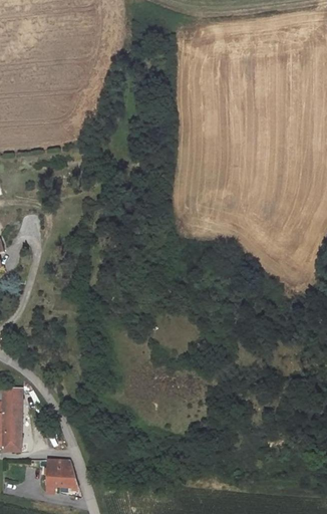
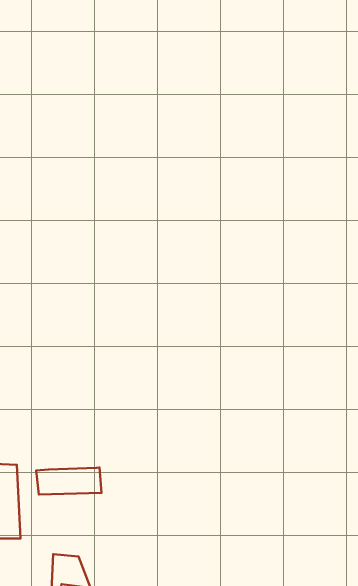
building: none -> [36,467,101,495]

